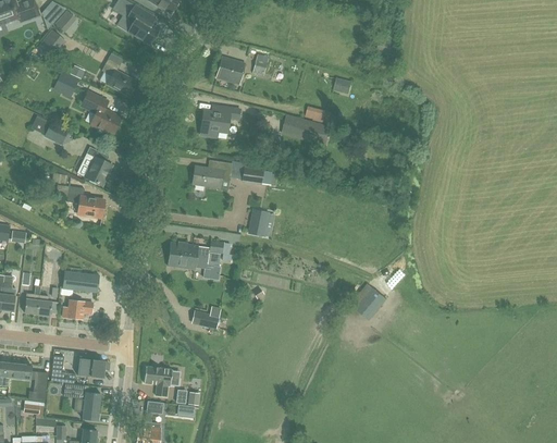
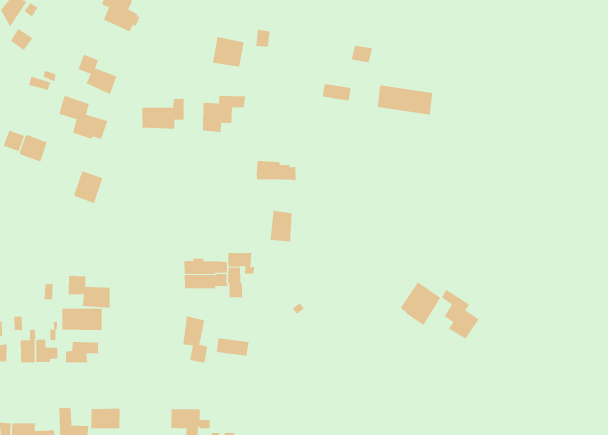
building: [282,114,331,145] -> [377,85,433,115]
building: [191,161,231,187] -> [141,98,184,129]
building: [66,185,103,217] -> [68,276,111,308]
building: none -> [183,316,208,363]
building: none -> [441,289,480,340]

